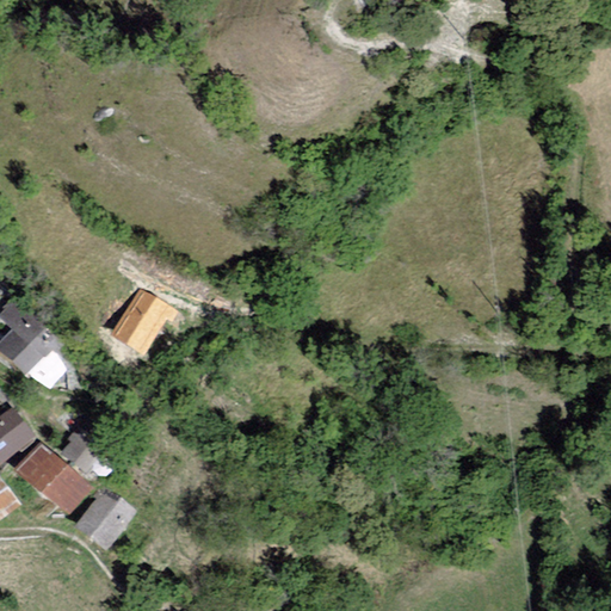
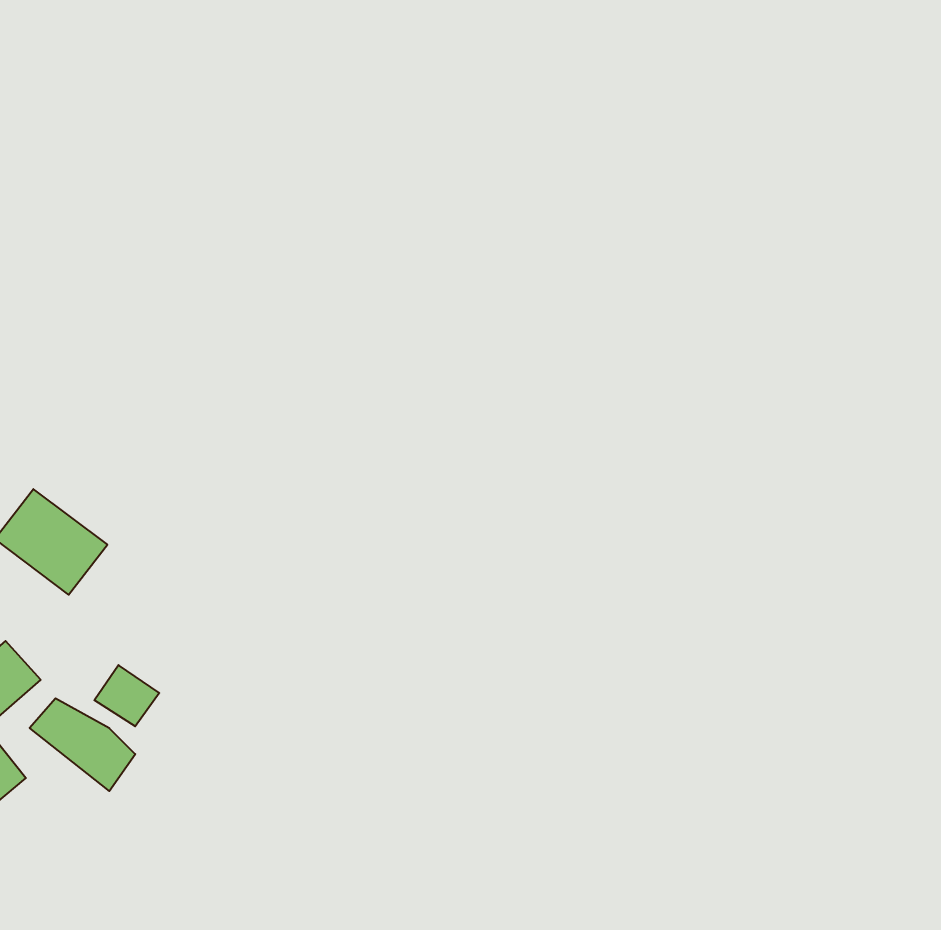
building: [112,291,168,354] -> none
building: [78,490,129,543] -> none

